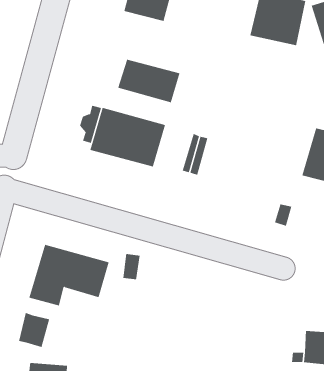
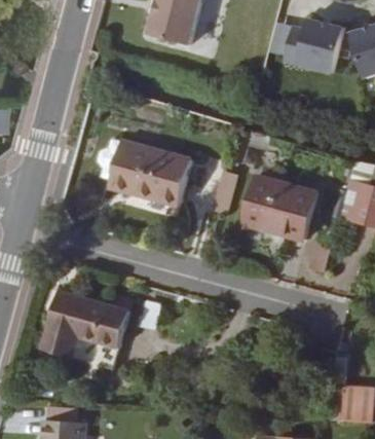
building: [118,59,180,103] -> none
building: none -> [245,175,320,241]
building: [18,312,50,348] -> none

